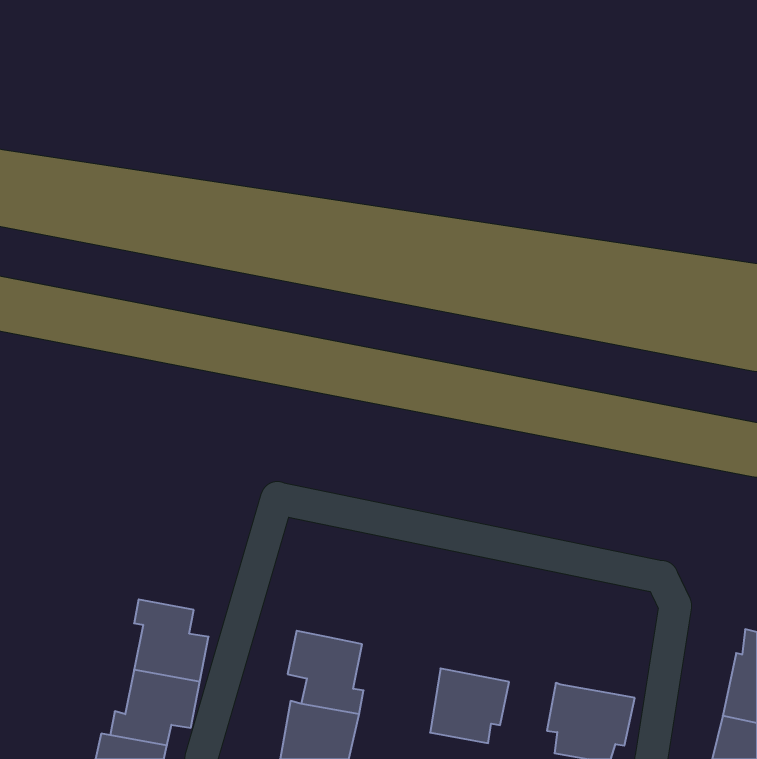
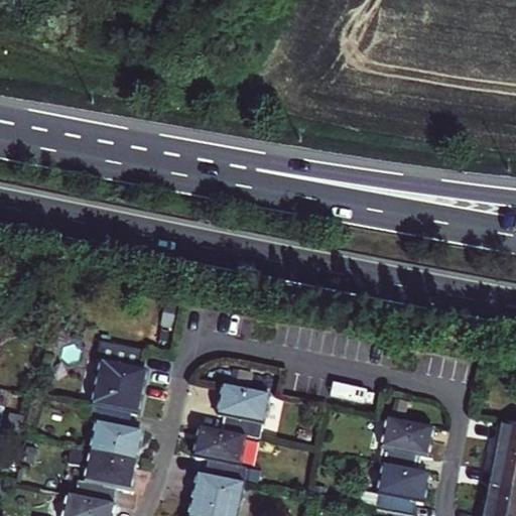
building: none -> [94,335,147,414]
building: none -> [218,386,267,438]
building: [430,668,509,743] -> [379,419,432,470]

